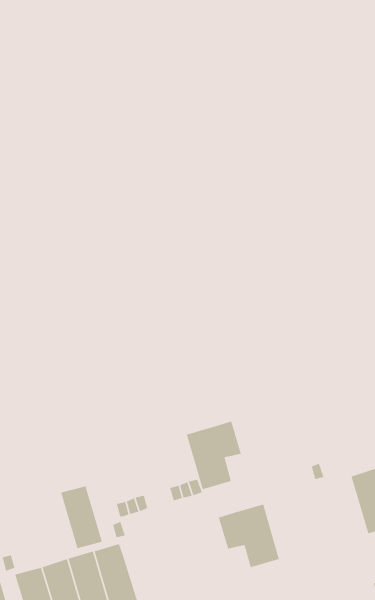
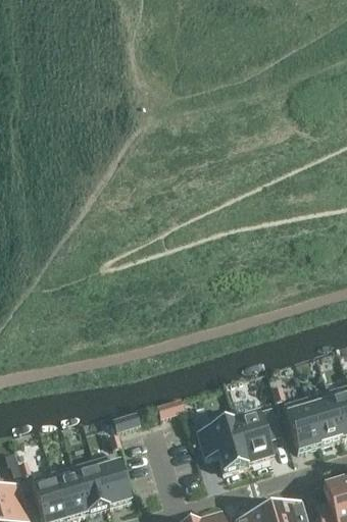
building: [186,421,242,490] -> [235,409,281,466]
building: none -> [284,397,320,452]
building: [60,486,103,549] -> none

